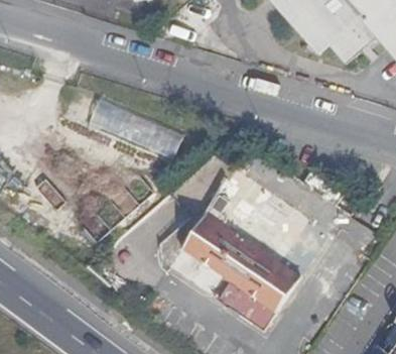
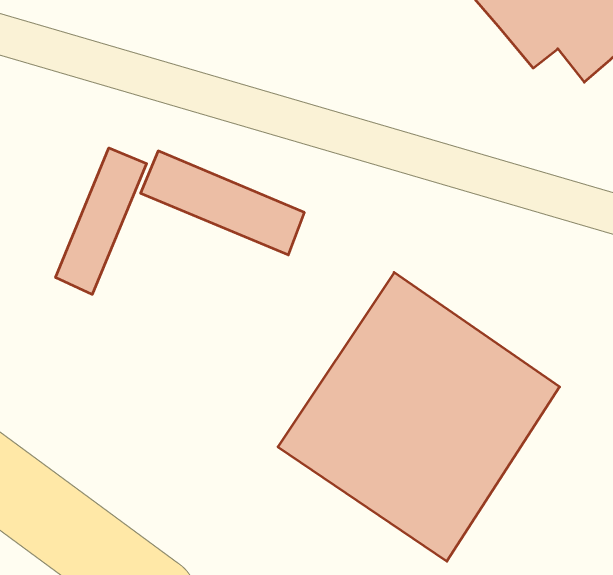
building: none -> [56,148,147,294]

